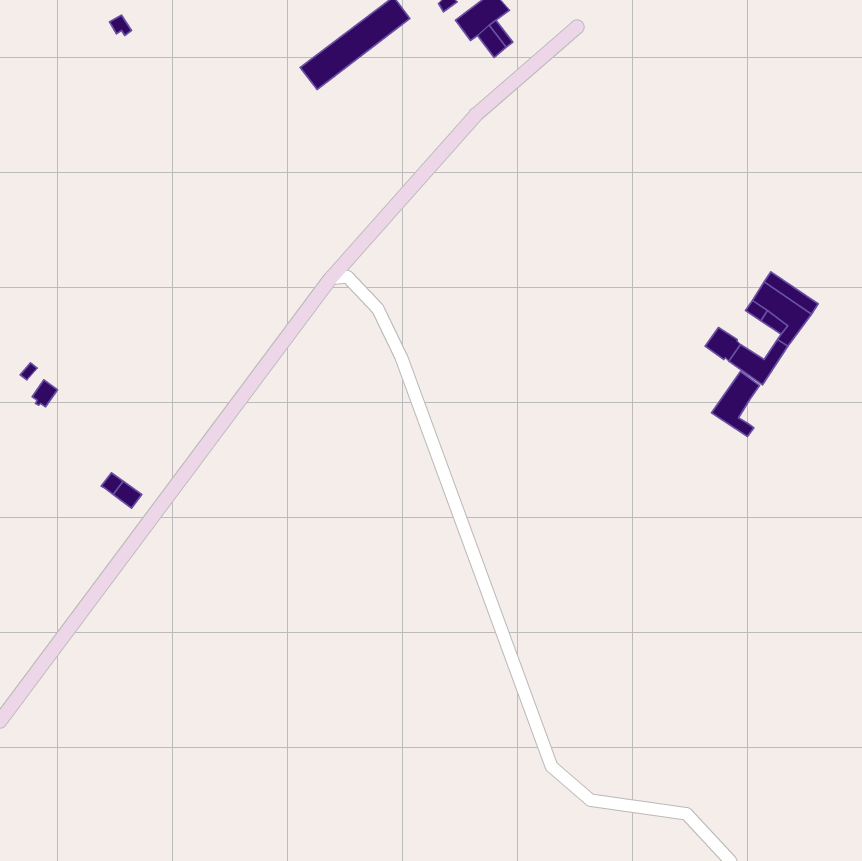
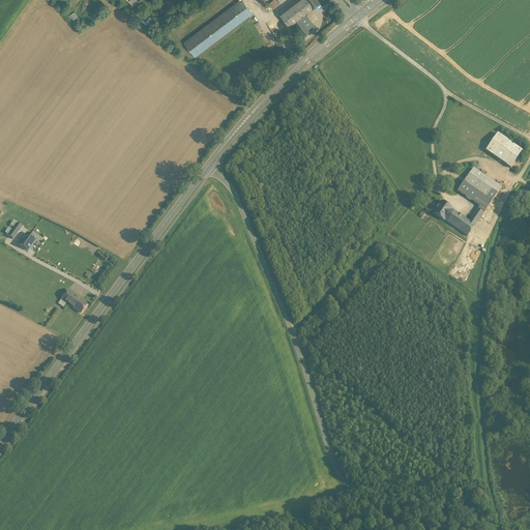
building: none -> [485,132,523,167]
building: [711,372,760,436] -> none

